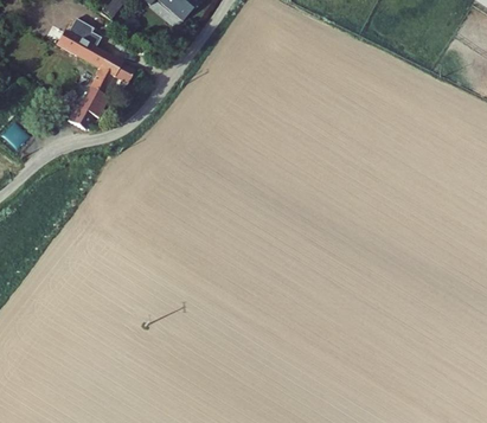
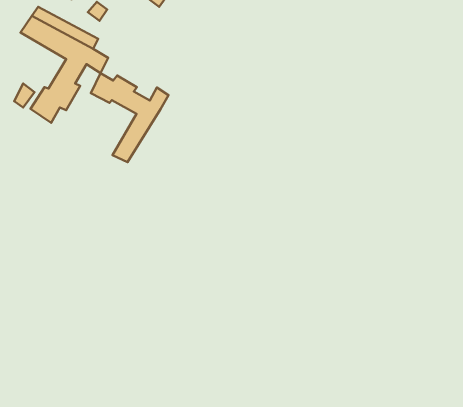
building: none -> [91,73,169,162]

